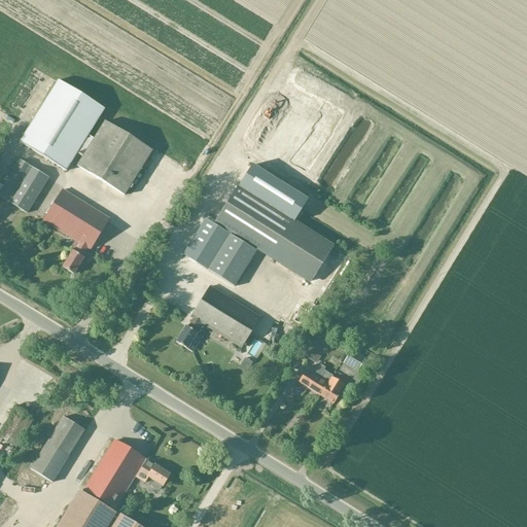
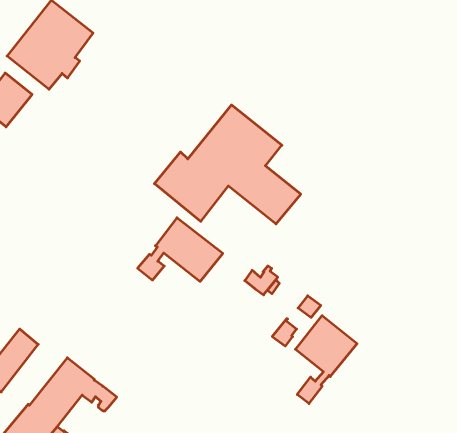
building: [77,119,152,194] -> none
building: [43,188,109,272] -> none
building: [300,363,332,393] -> [245,266,278,295]
building: none -> [295,316,357,404]

